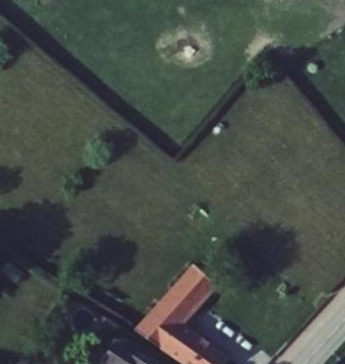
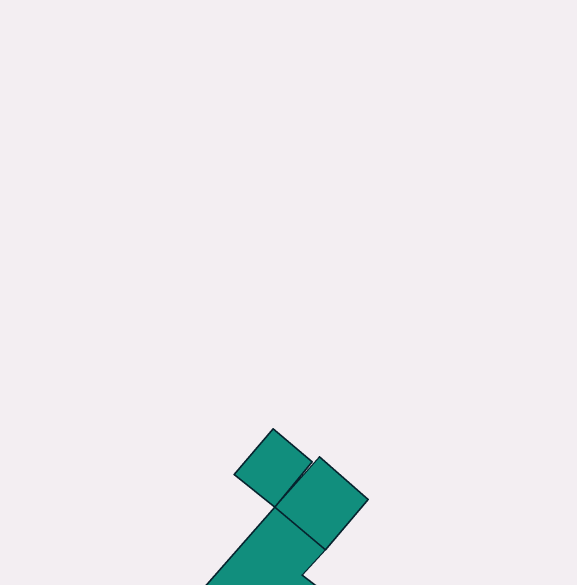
building: none -> [234,429,312,507]

